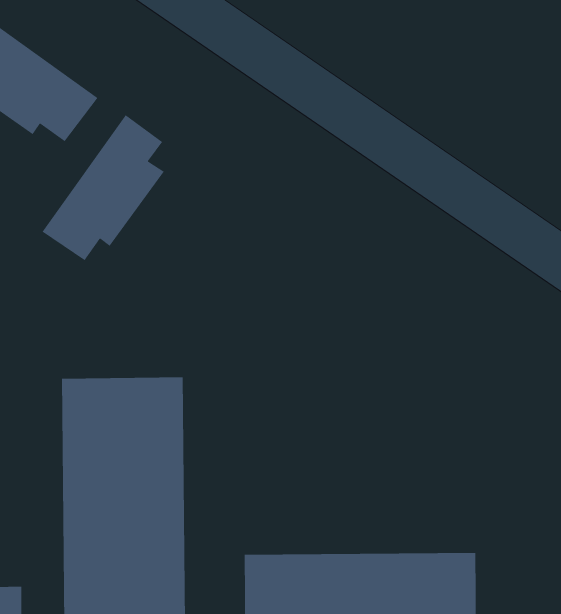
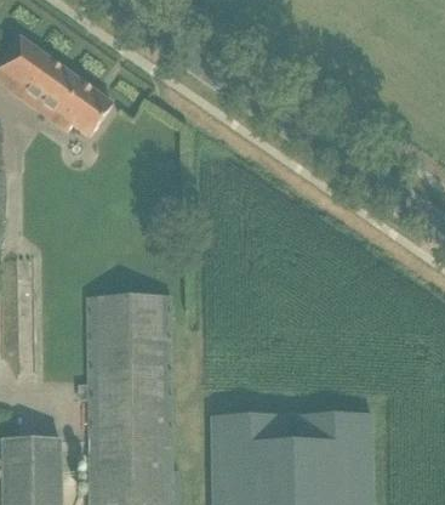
building: [42,114,165,261] -> none

